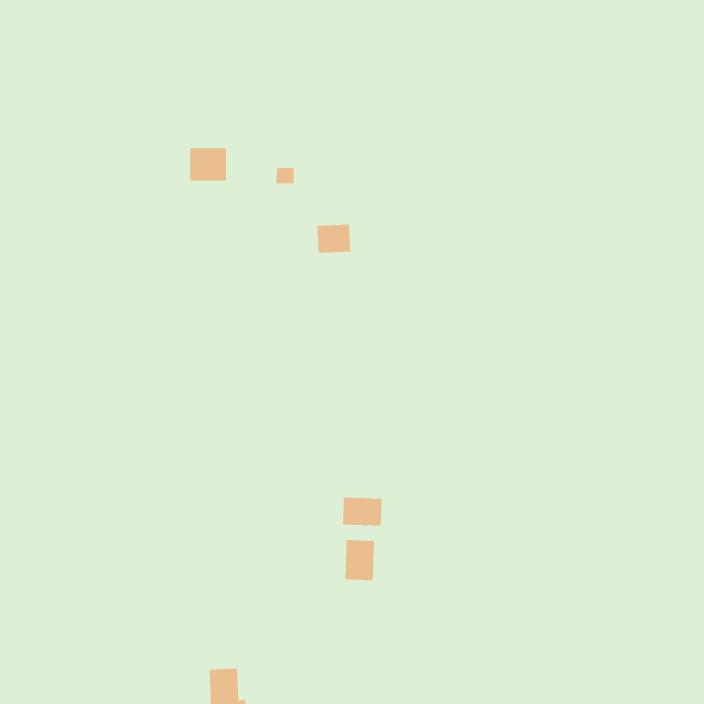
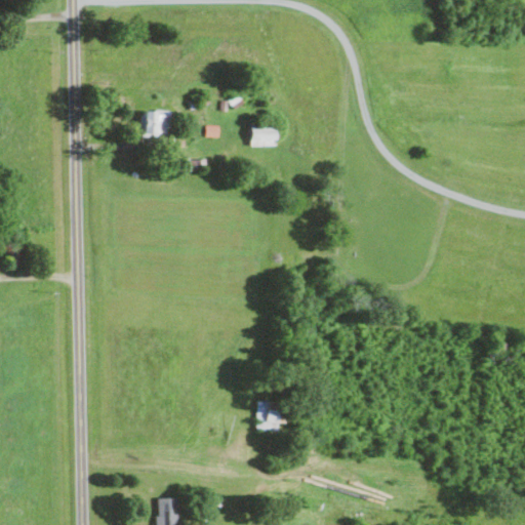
building: [317,224,351,253] -> [251,126,277,148]
building: [343,497,382,526] -> none

